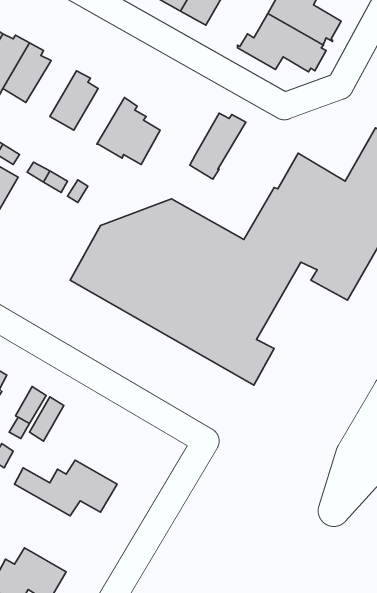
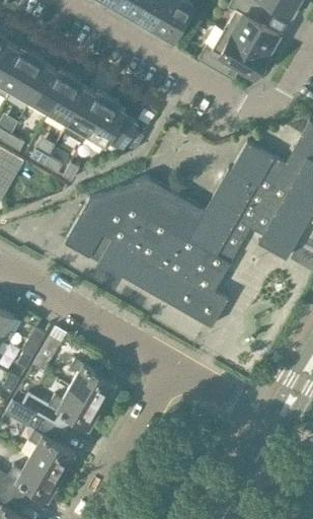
building: none -> [29,68,70,113]
building: [190,113,246,179] -> [64,90,108,143]
building: none -> [69,359,115,406]
building: none -> [13,406,75,476]

